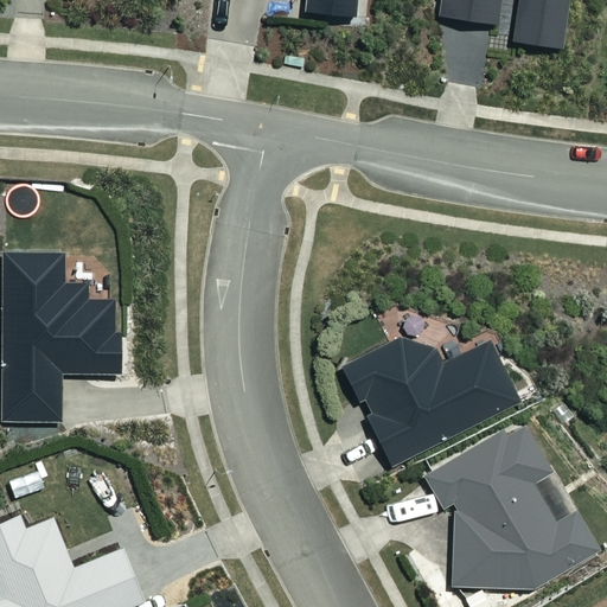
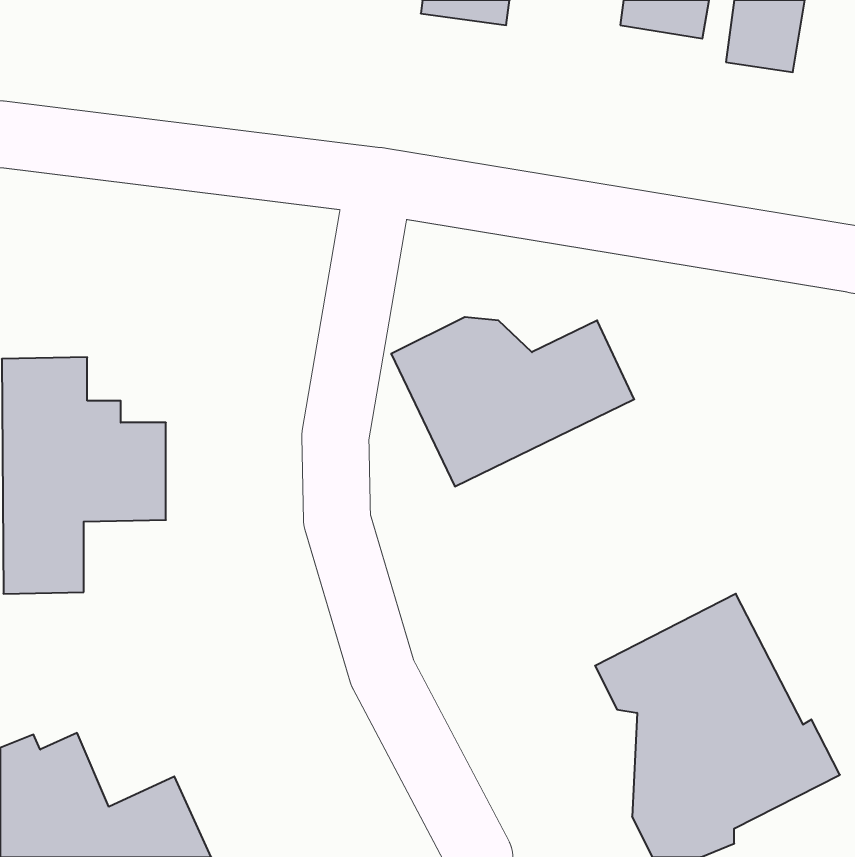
building: [343,337,515,456] -> [391,317,634,486]

